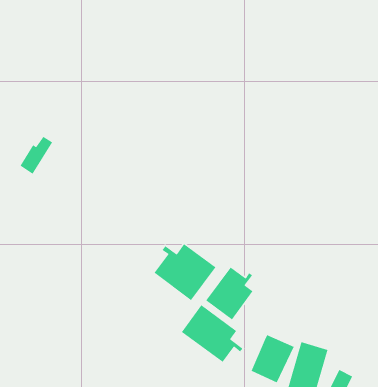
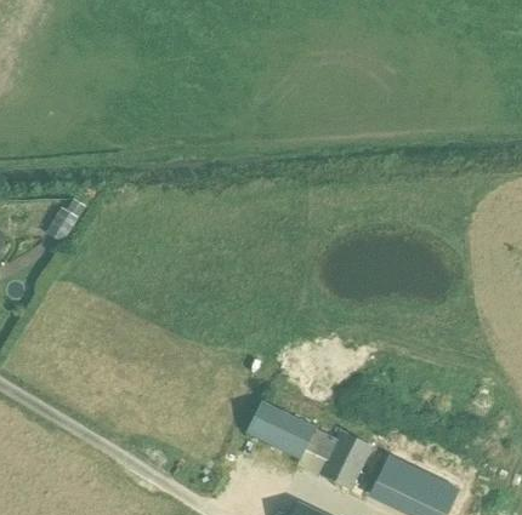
building: [153,243,216,301] -> none
building: [205,267,254,320] -> none

